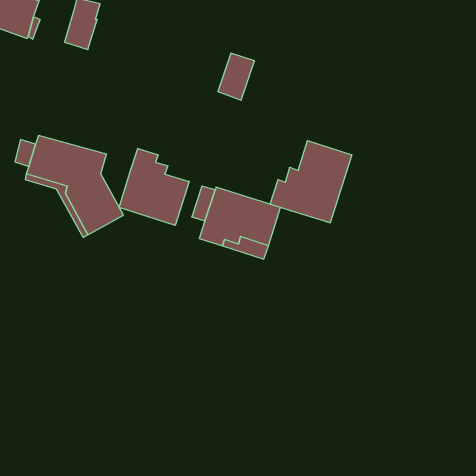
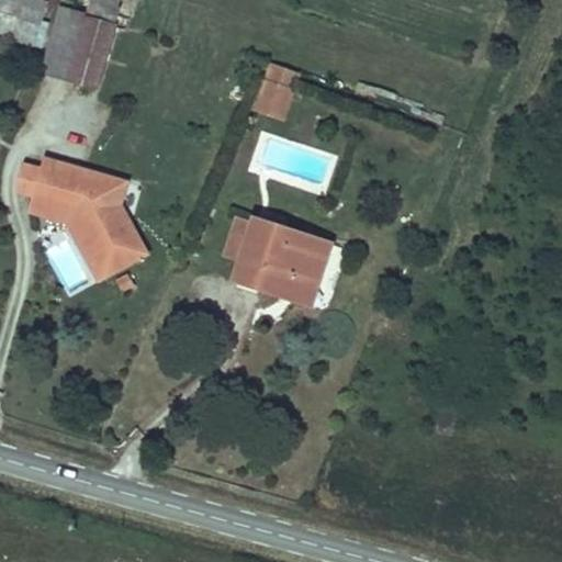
building: none -> [41,4,103,87]
building: [270,141,352,223] -> none
building: [119,148,189,225] -> none

